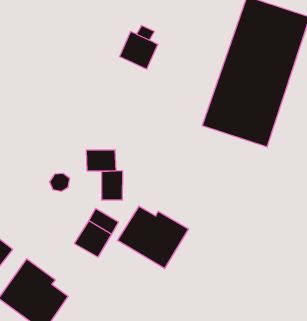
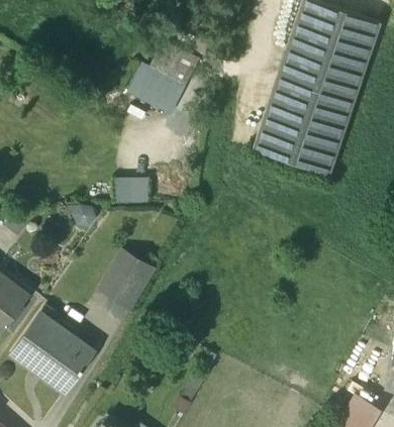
building: none -> [128,67,192,120]
building: [102,171,122,200] -> none
building: [117,206,188,269] -> none

